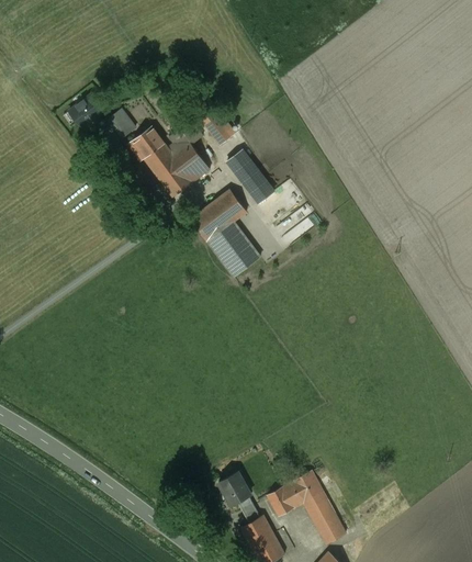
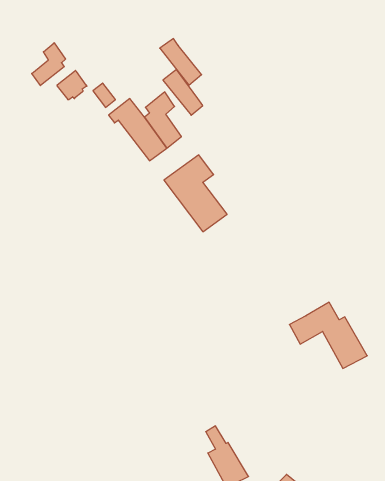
building: none -> [32,43,66,86]
building: [225,150,272,203] -> [160,39,202,85]
building: [265,470,352,544] -> [289,302,367,368]
building: [217,472,249,506] -> none

